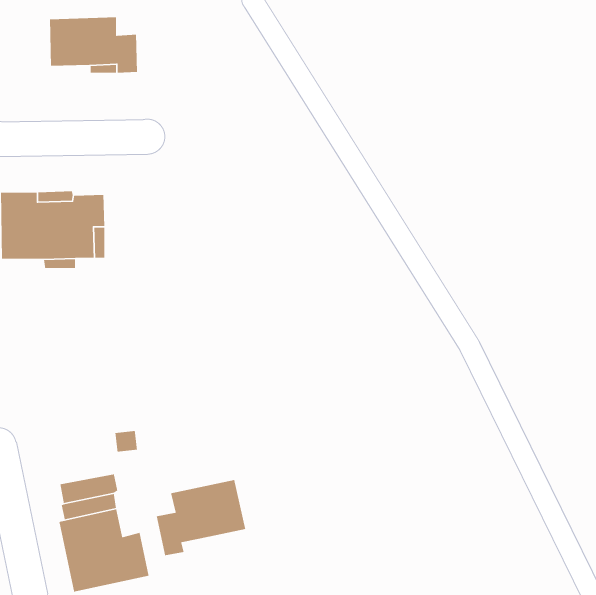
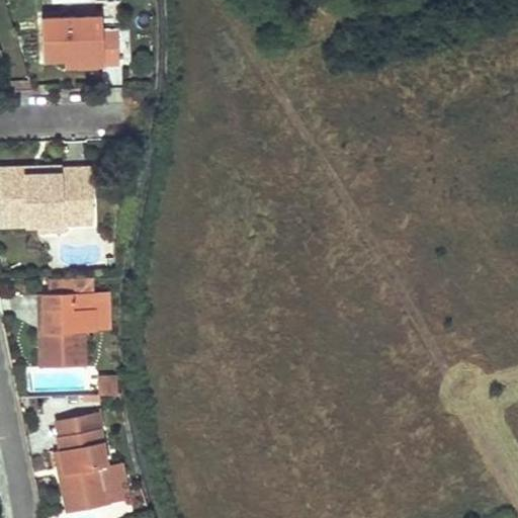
building: none -> [40,278,96,368]
building: [156,479,246,556] -> none

